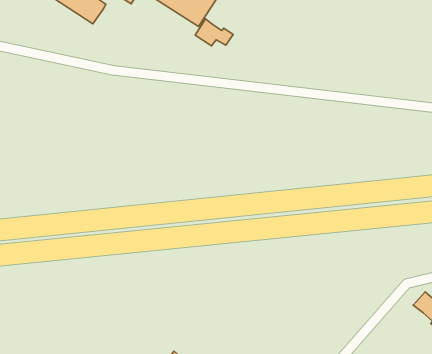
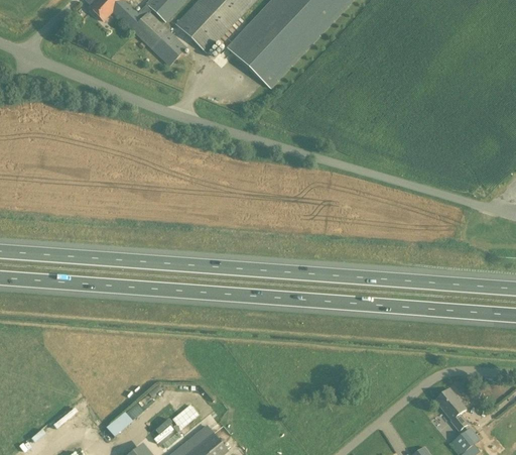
building: [195,19,233,46] -> none

